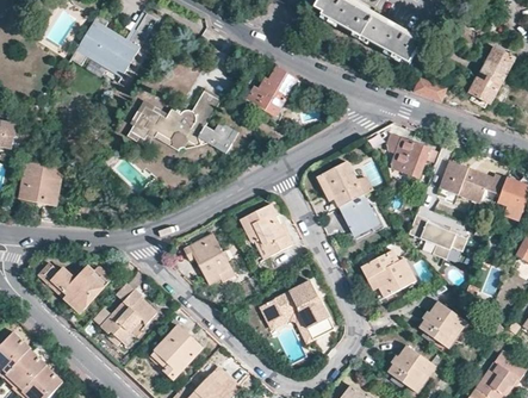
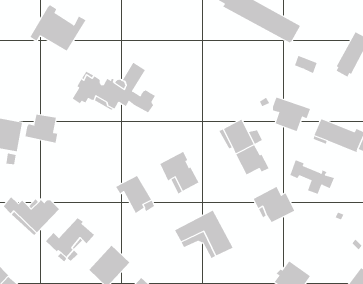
building: [249,67,298,116] -> none
building: none -> [25,114,58,143]
building: [420,300,467,348] -> none

